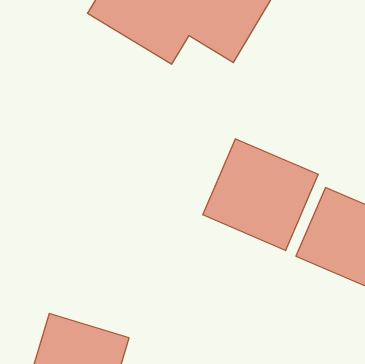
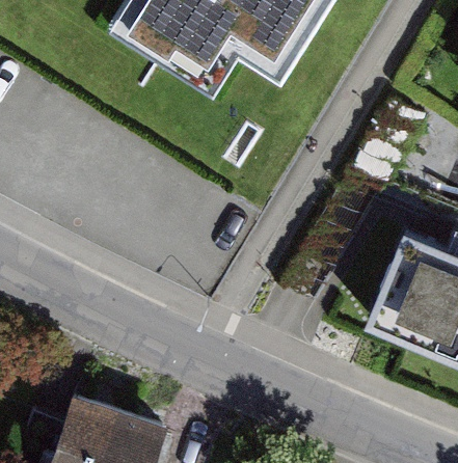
building: [203,139,318,251] -> none

